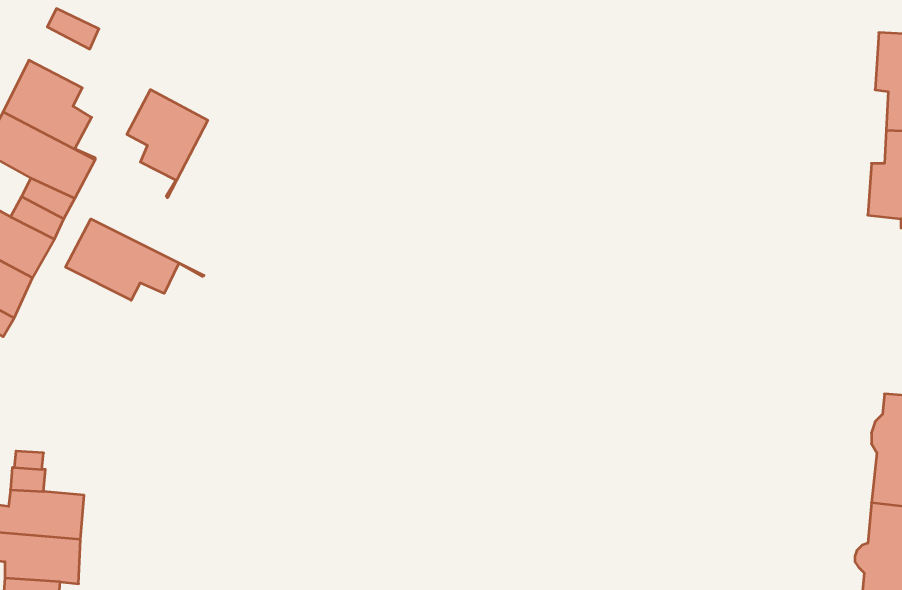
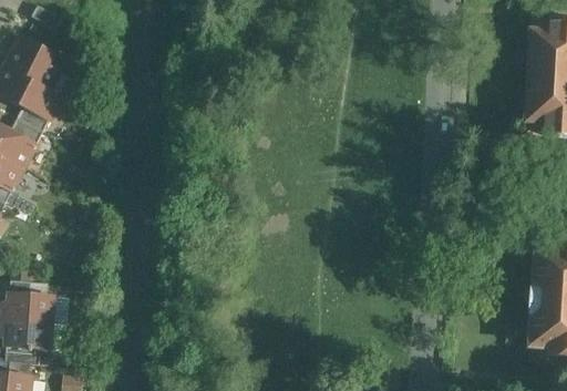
building: [127,90,208,198] -> none
building: [66,219,204,300] -> none

